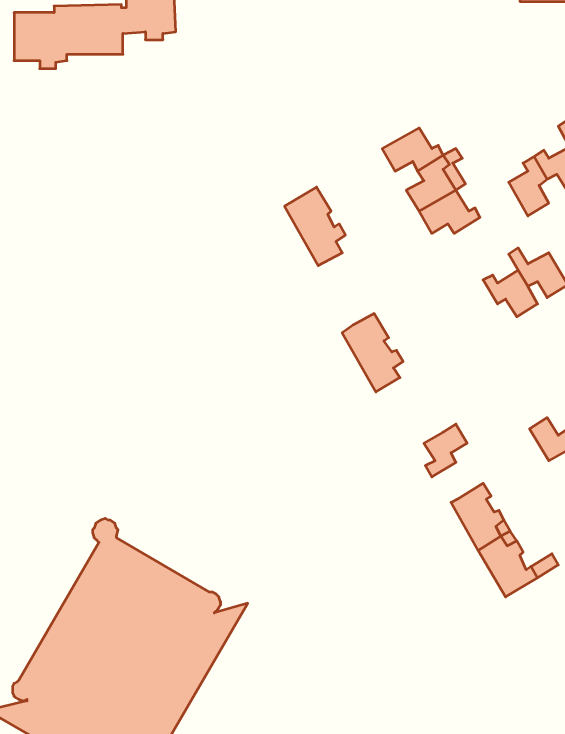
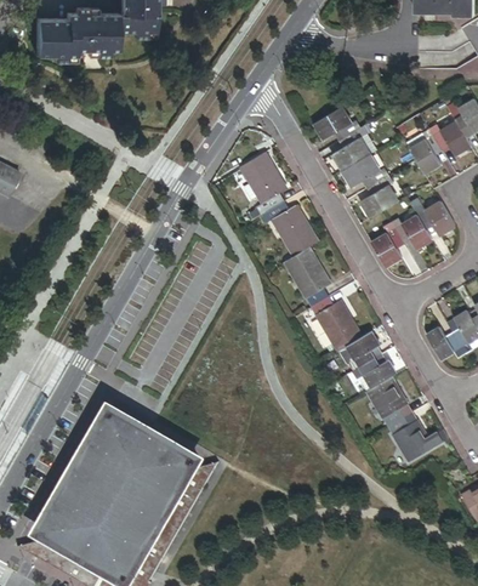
building: none -> [360,173,398,217]
building: none -> [266,200,318,255]
building: none -> [371,221,402,266]
building: none -> [309,295,360,351]
building: none -> [352,359,396,387]

